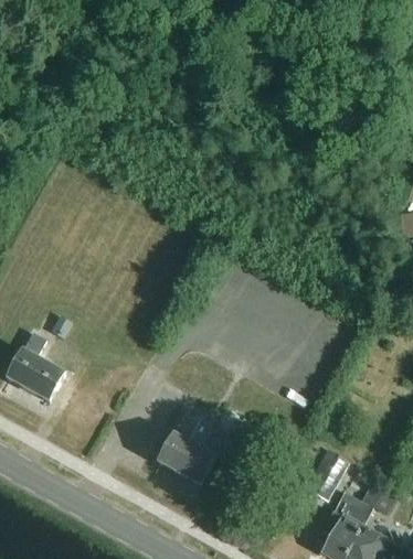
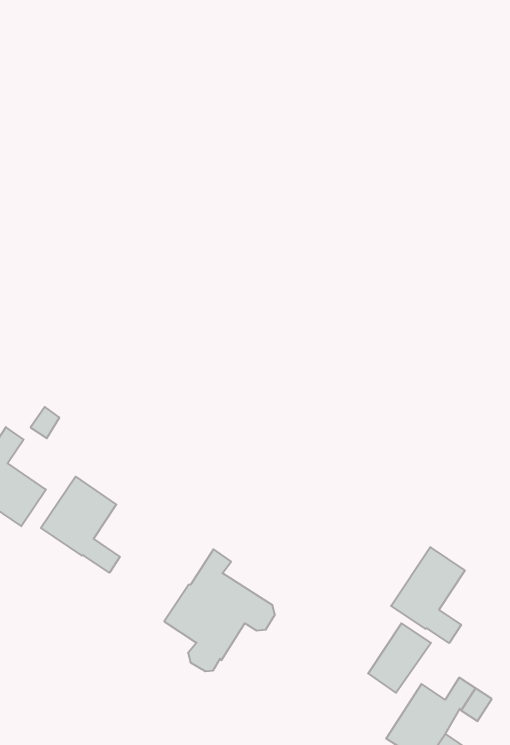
building: none -> [41,477,120,573]
building: none -> [391,547,465,643]

